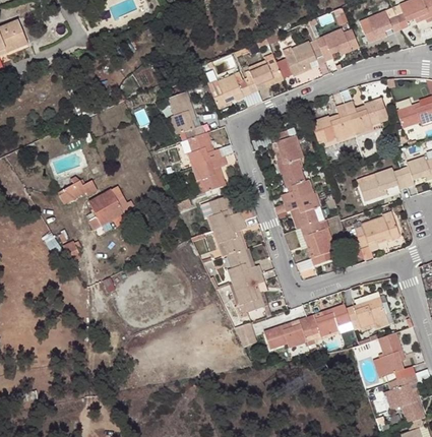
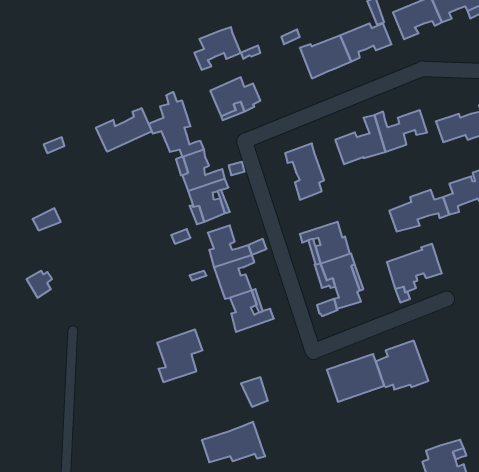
building: [244,57,283,92] -> [194,27,241,70]
building: none -> [96,108,152,152]
building: [280,168,314,203] -> none
building: [83,185,130,225] -> none
building: [230,273,267,317] -> [157,329,203,382]
building: [262,316,315,350] -> [202,422,265,462]
building: [372,332,416,379] -> none

